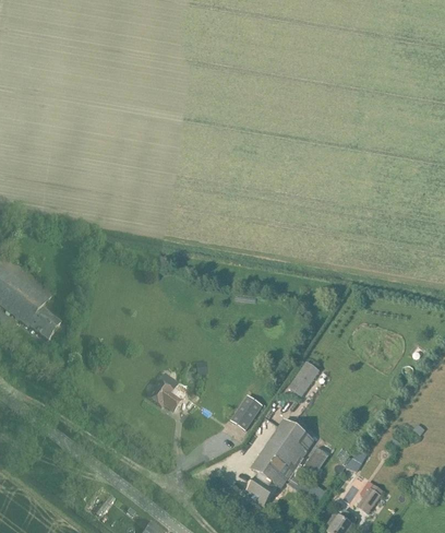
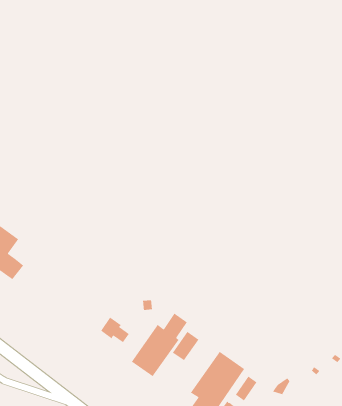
building: [287,359,317,394] -> none
building: none -> [131,313,188,377]

